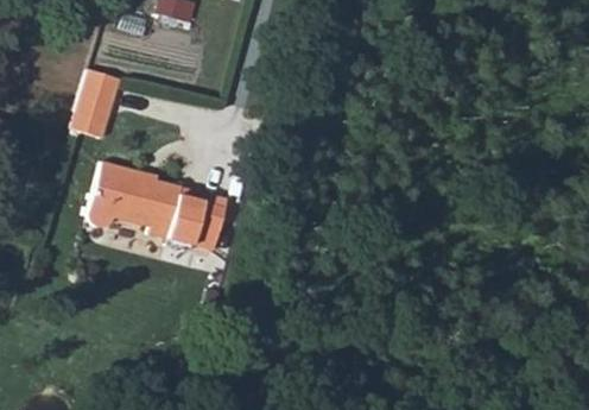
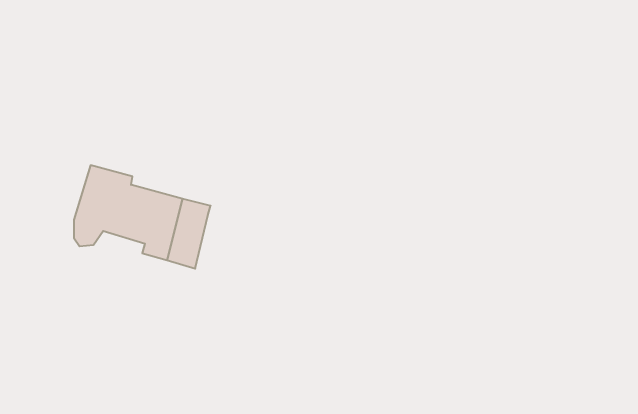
building: [65,71,121,143] -> none
building: [192,201,228,252] -> none

